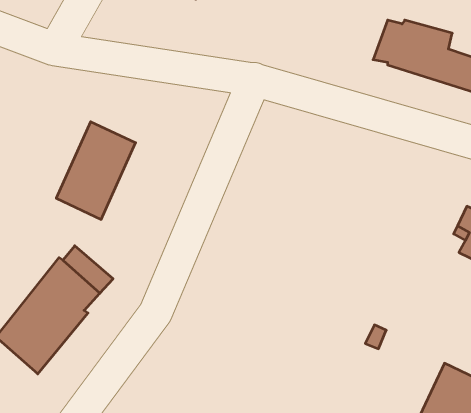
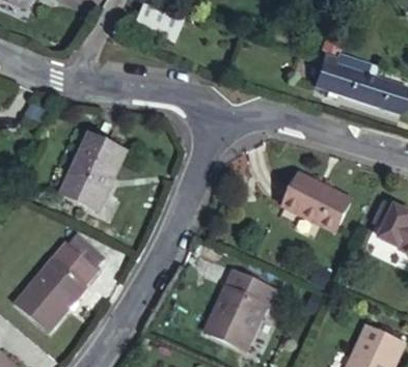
building: none -> [283,173,350,229]
building: none -> [203,270,280,349]

